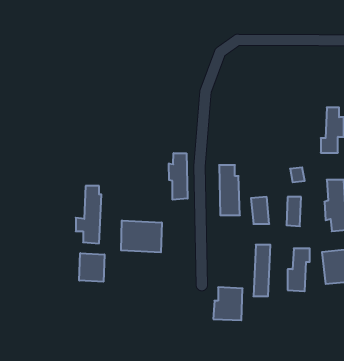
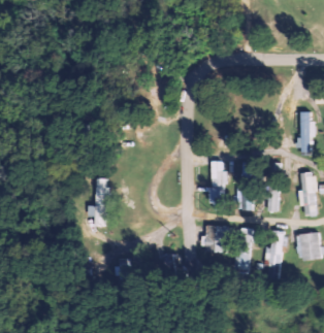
building: [169,153,188,200] -> none
building: [121,220,162,252] -> none
building: [79,253,104,282] -> none
building: [213,287,243,320] -> [203,224,228,252]

